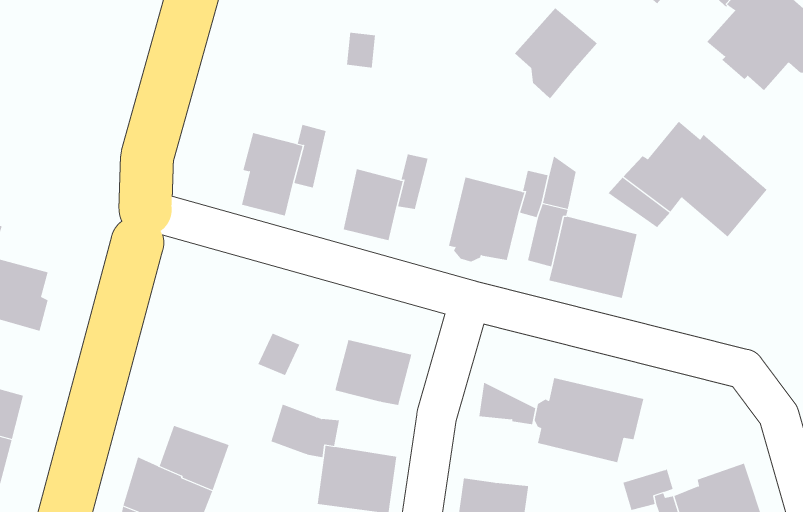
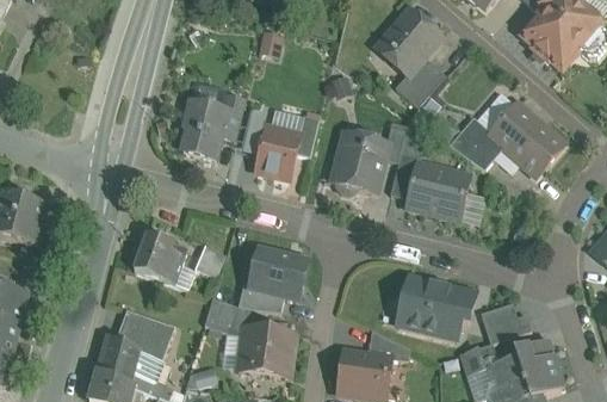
building: none -> [395,55,445,106]
building: none -> [134,231,186,283]
building: [479,382,536,425] -> [367,328,409,359]
building: none -> [237,283,284,311]
building: none -> [481,302,531,344]

